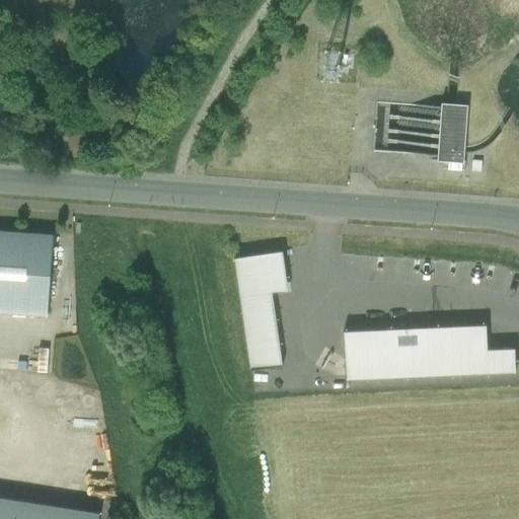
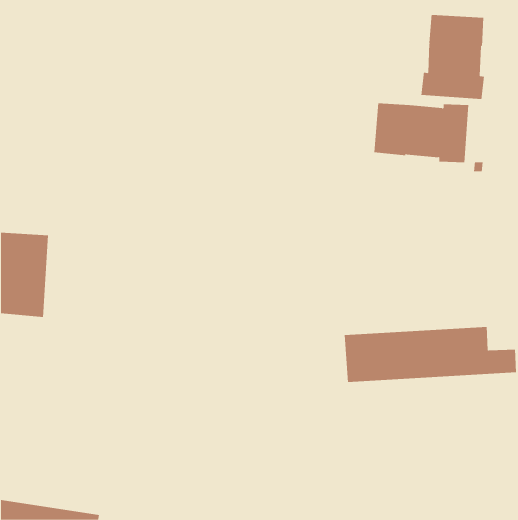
building: none -> [421,14,485,100]
building: [234,251,285,369] -> none

